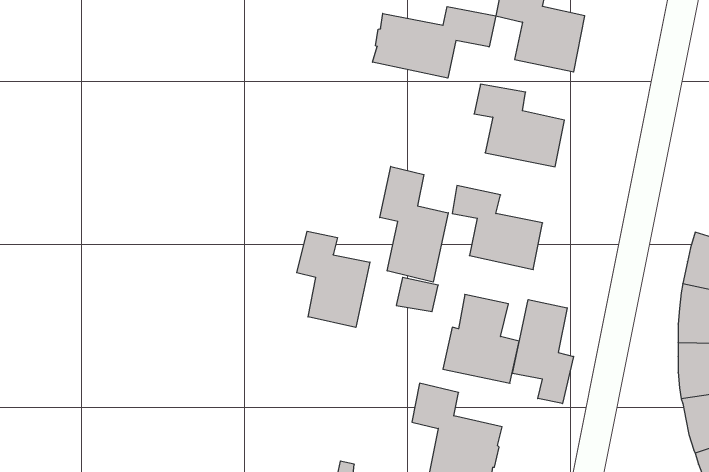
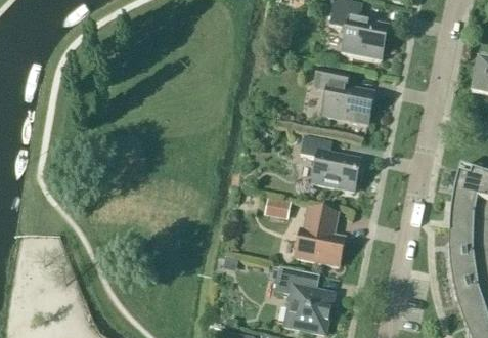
building: [373,7,496,78] -> none
building: [380,166,448,282] -> none
building: [297,231,370,327] -> none
building: [512,300,574,404] -> none

